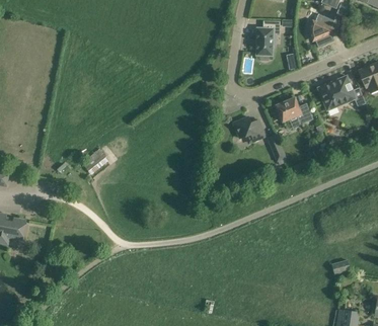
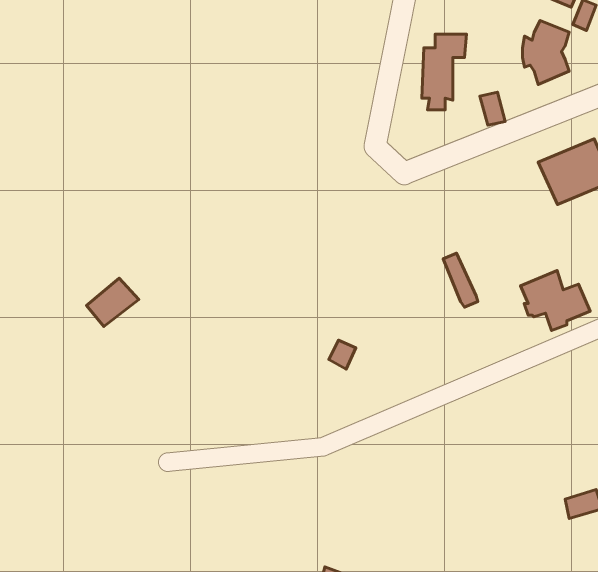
building: [276,97,312,129] -> [520,270,590,331]
building: [233,116,266,143] -> none

